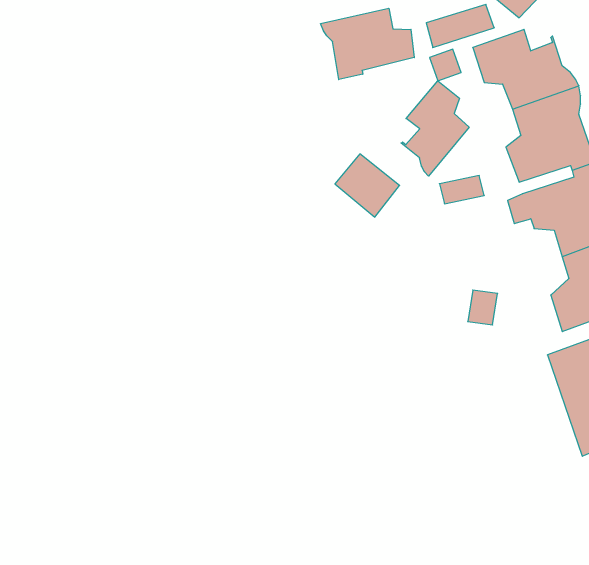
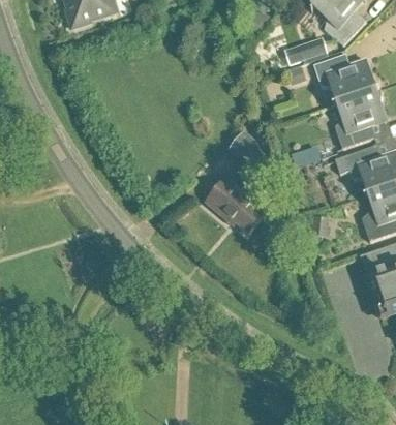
building: [321,8,414,80] -> none
building: [401,81,469,176] -> none
building: none -> [205,178,267,235]

